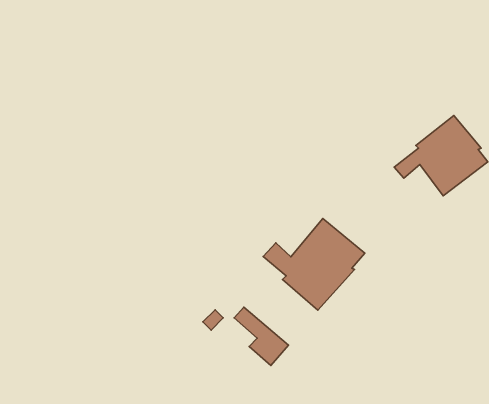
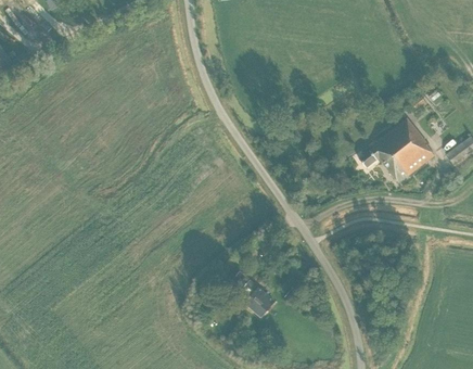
building: [263,218,365,310] -> none

